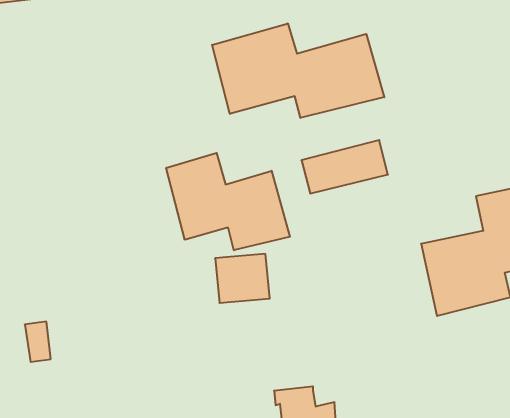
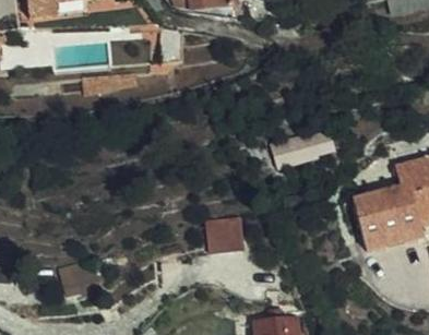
building: [212,23,384,118] -> none
building: [166,153,290,250] -> none

